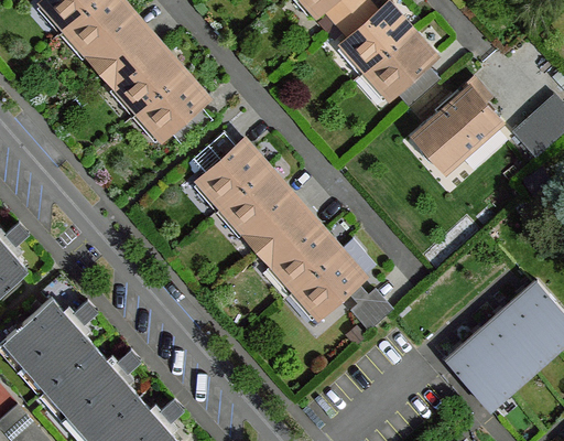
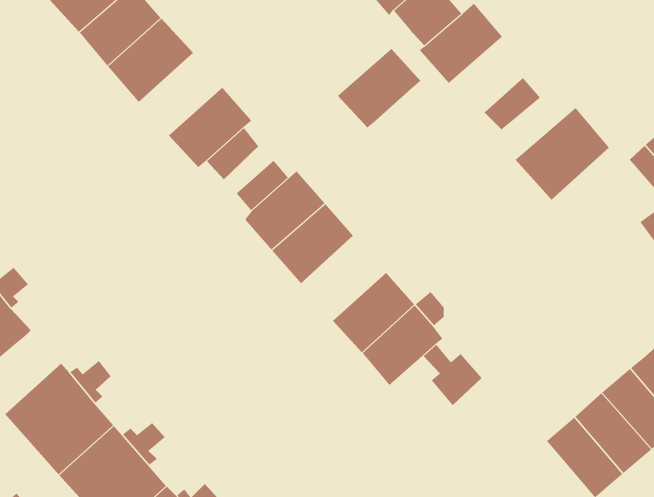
building: [366,32,434,97] -> [337,48,421,128]
building: [113,45,182,112] -> none
building: [246,194,315,263] -> none

